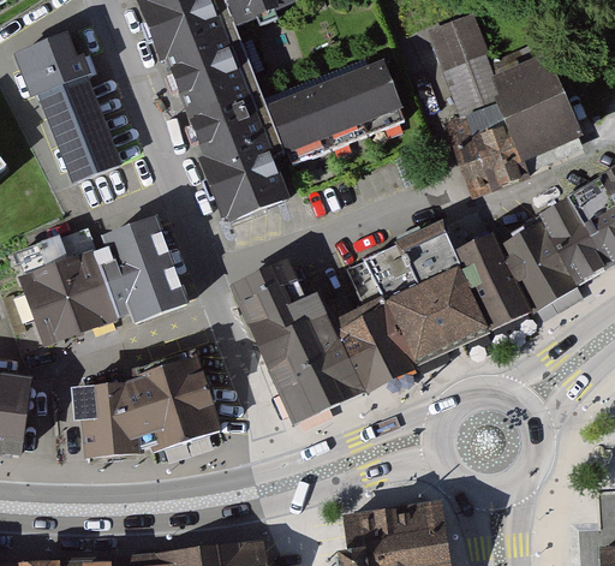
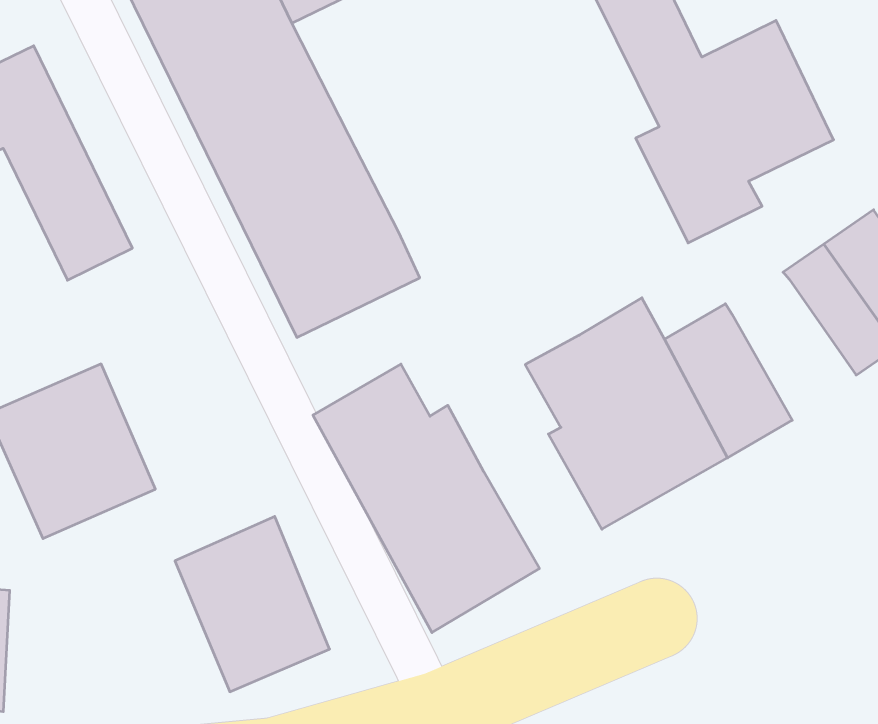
building: [264,60,406,171] -> none
building: [94,214,191,321] -> none
building: [498,222,574,312] -> none
building: [332,308,404,393] -> none
building: [77,368,157,454] -> none

